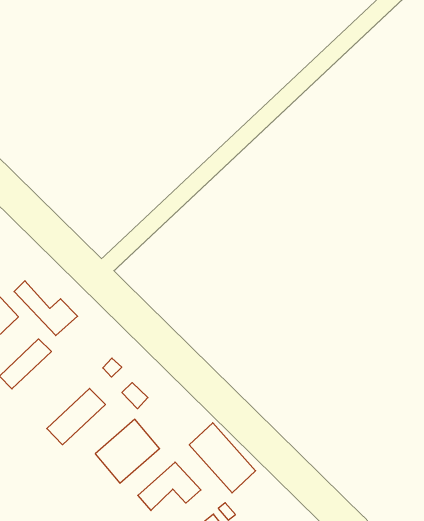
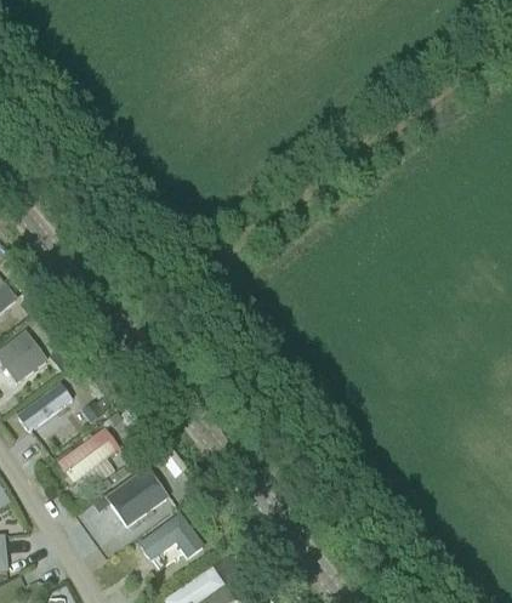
building: [14,281,78,336] -> none
building: [189,423,256,493] -> none

